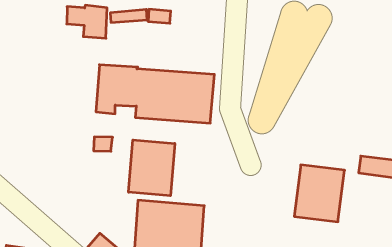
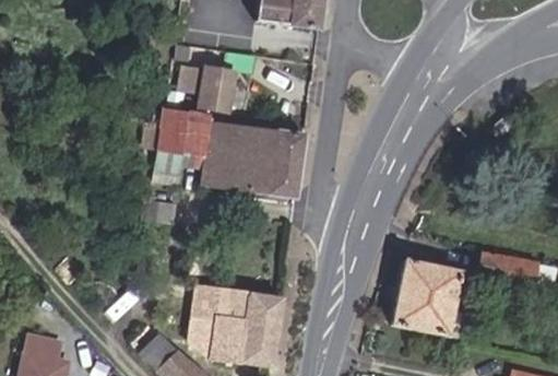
building: [67,5,107,38] -> [192,69,245,113]
building: [129,140,175,196] -> none

